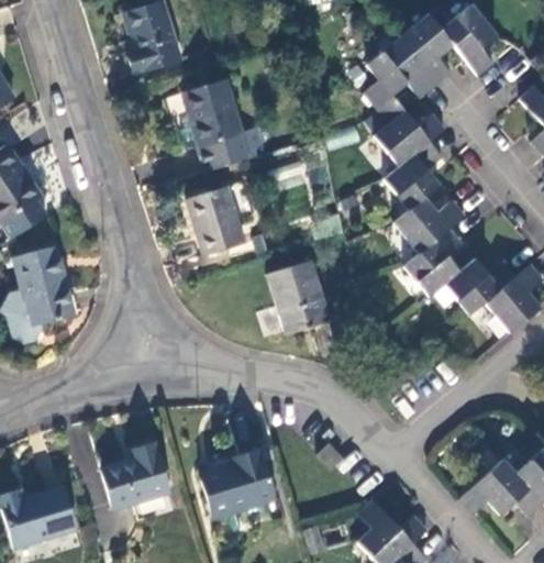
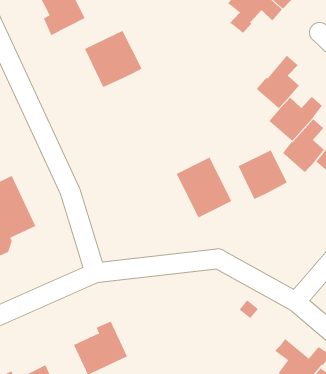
building: [360,92,443,168] -> none
building: [223,128,266,164] -> none
building: [186,185,245,255] -> none
building: none -> [238,149,288,200]
building: [201,450,275,518] -> none

